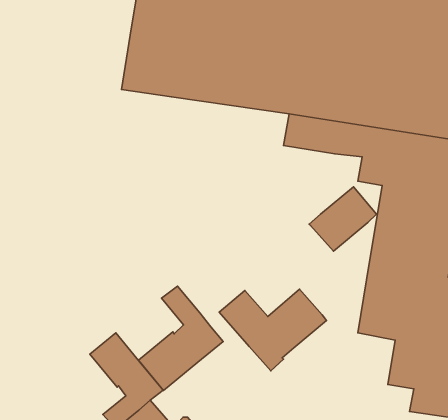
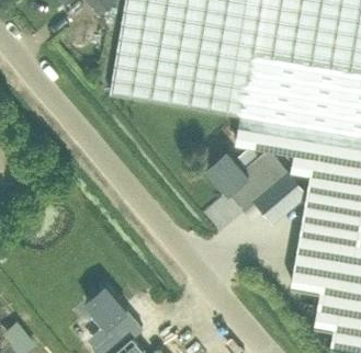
building: [139,286,223,391] -> none
building: [219,289,327,371] -> [206,147,289,209]

